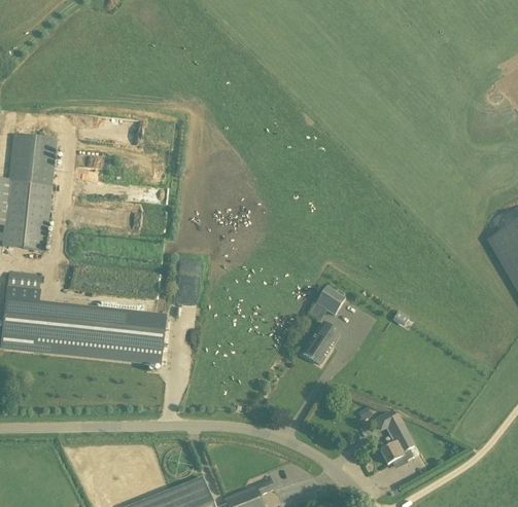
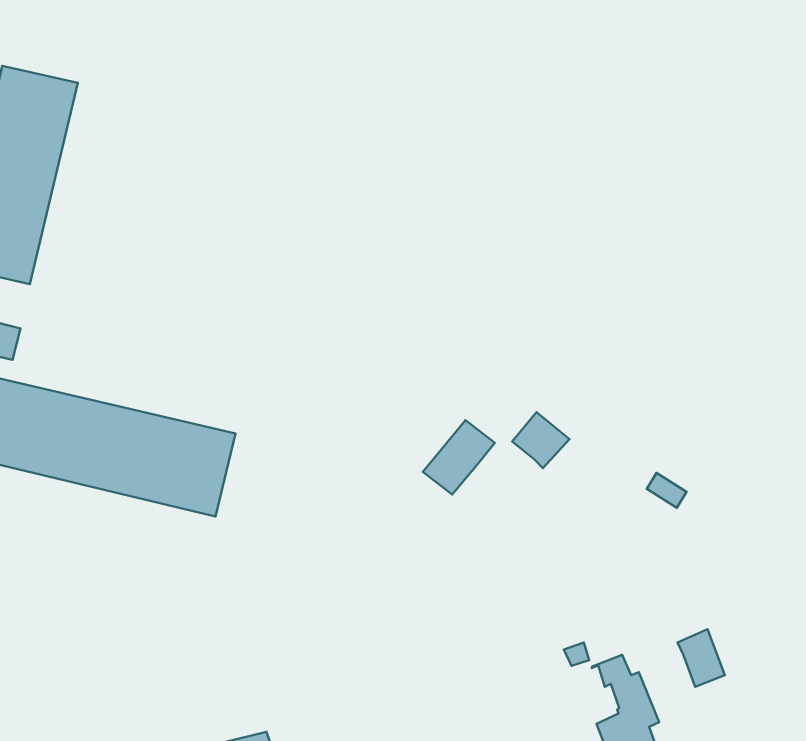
building: [303,322,340,363] -> [423,420,495,495]
building: none -> [678,629,725,687]

